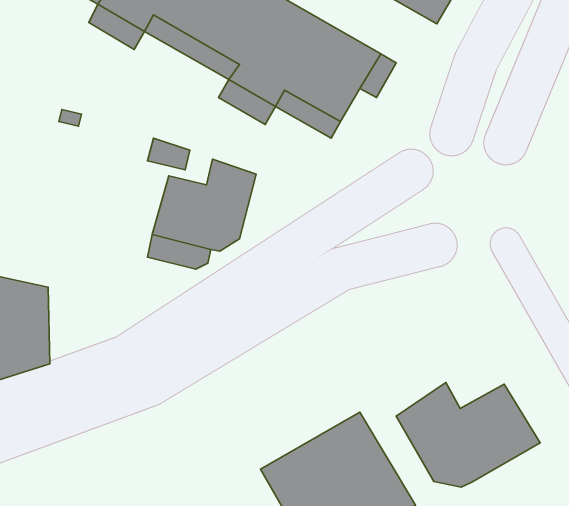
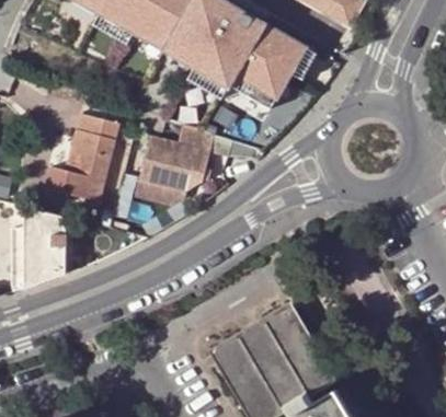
building: none -> [48,113,121,202]
building: [396,383,540,487] -> none

